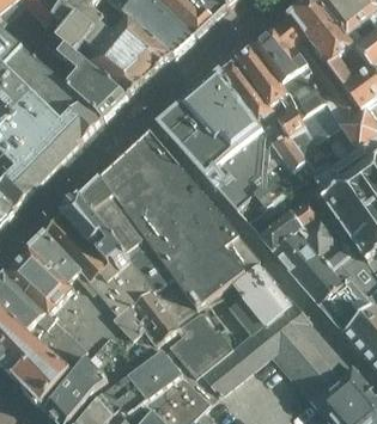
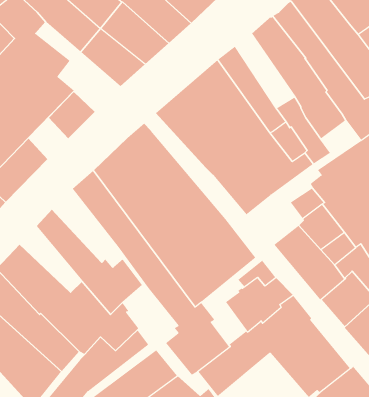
building: [44,36,126,122] -> none
building: [236,45,293,118] -> none
building: [37,128,75,167] -> none
building: [60,196,128,271] -> none
building: [257,209,302,250] -> none
building: [29,232,89,295] -> none
building: [132,289,178,340] -> none

